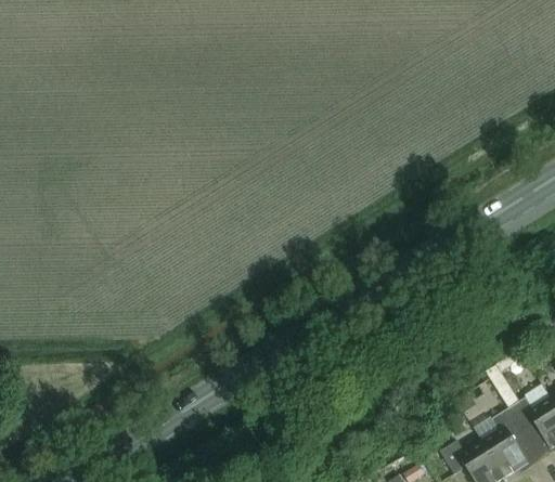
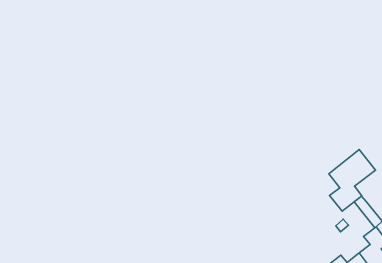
building: none -> [329,150,375,211]

